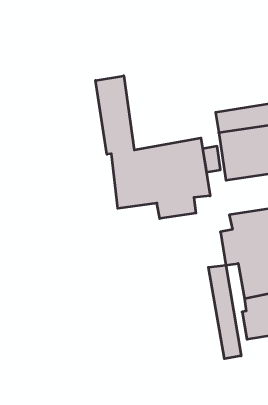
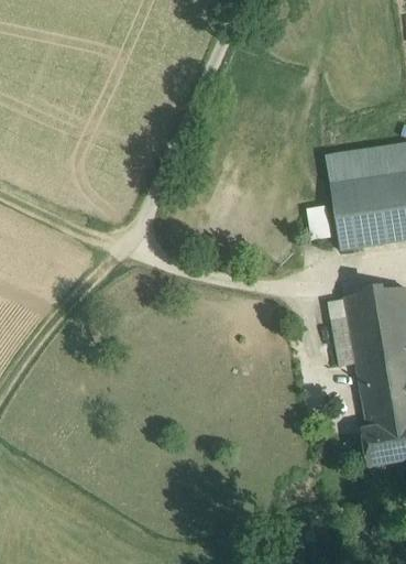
building: [96,76,210,219] -> none
building: [208,265,241,359] -> none

